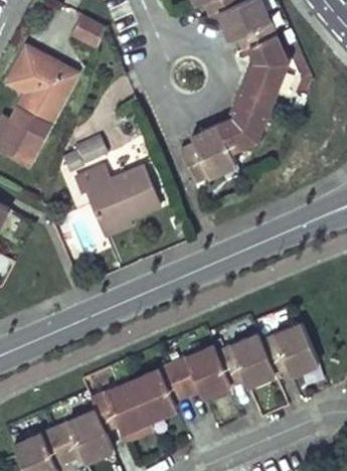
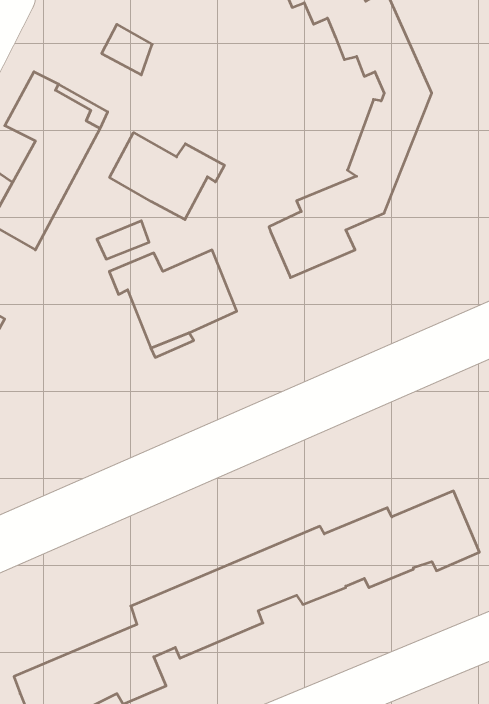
building: none -> [110,133,224,220]

